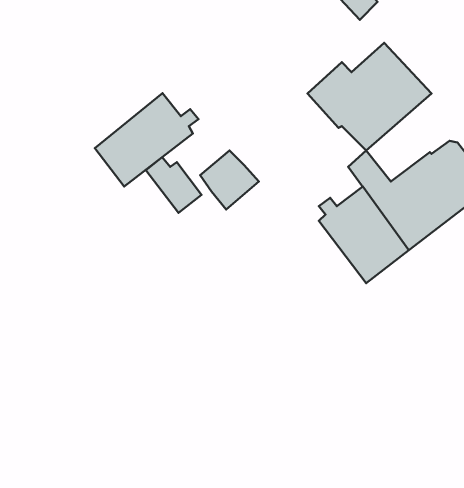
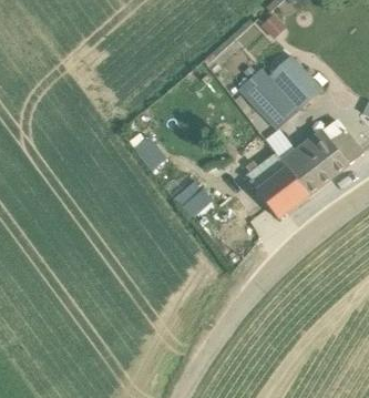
building: [95,93,198,187] -> none
building: [200,150,259,209] -> [173,181,213,221]

